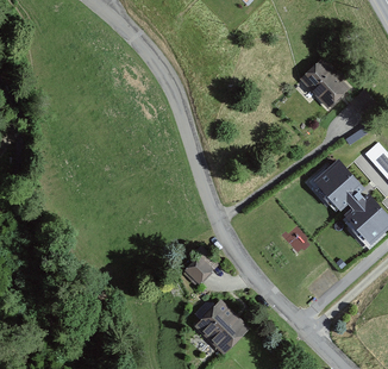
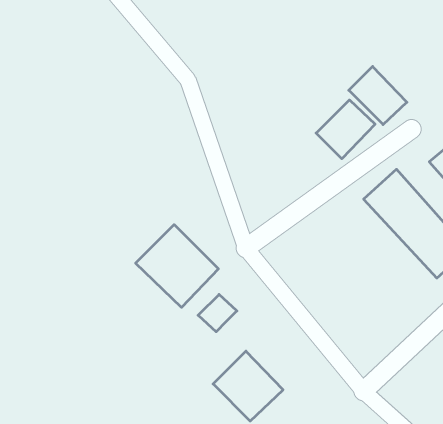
building: none -> [316,100,375,159]
building: none -> [136,225,218,307]

